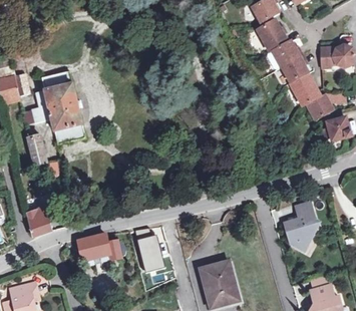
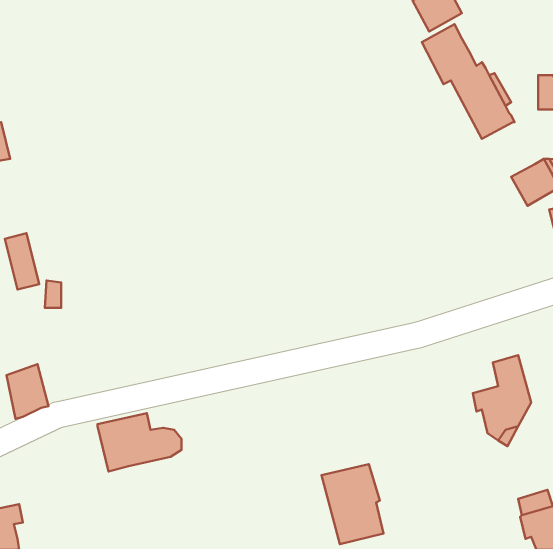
building: [31,71,85,143] -> none
building: [290,73,319,106] -> none
building: [134,228,164,271] -> none

